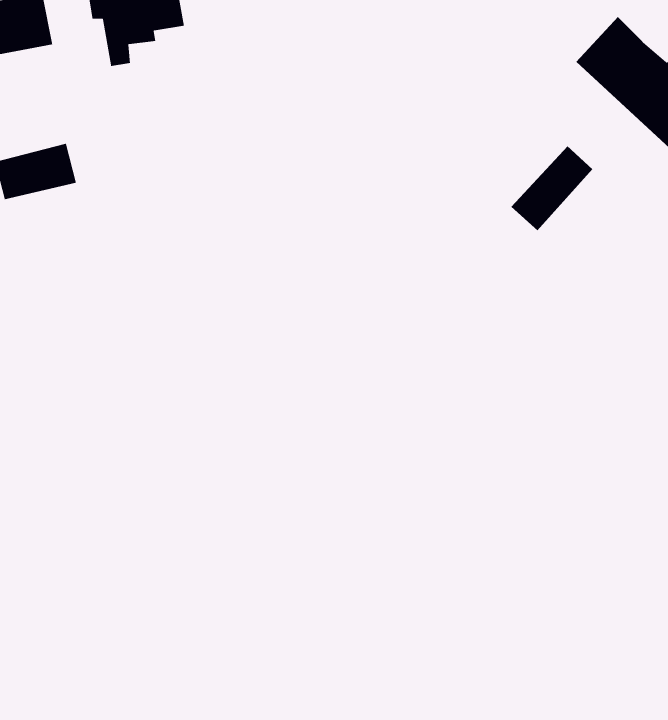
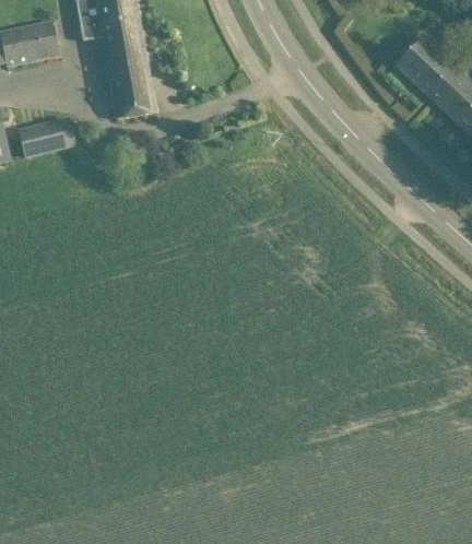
building: none -> [94,43,154,118]
building: [511,145,593,231] -> none

